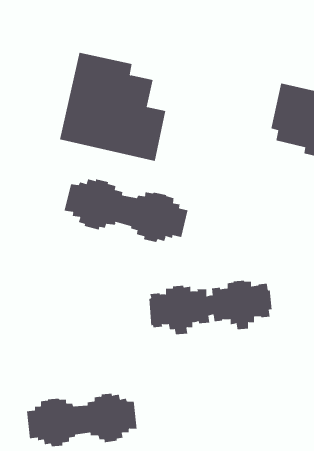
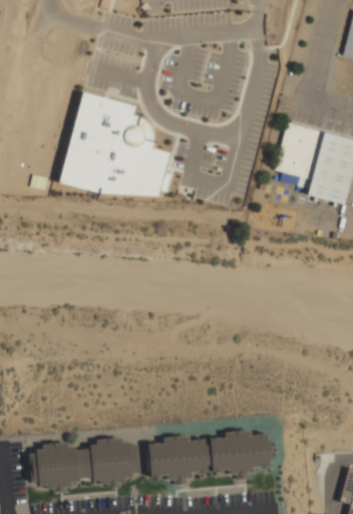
building: [64,179,188,243] -> none
building: [148,280,273,335] -> [146,430,272,485]

